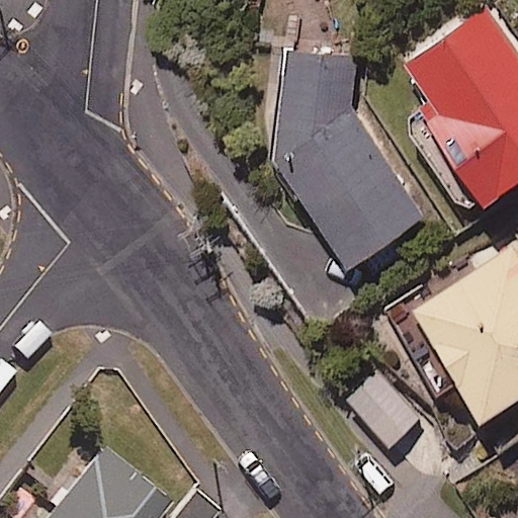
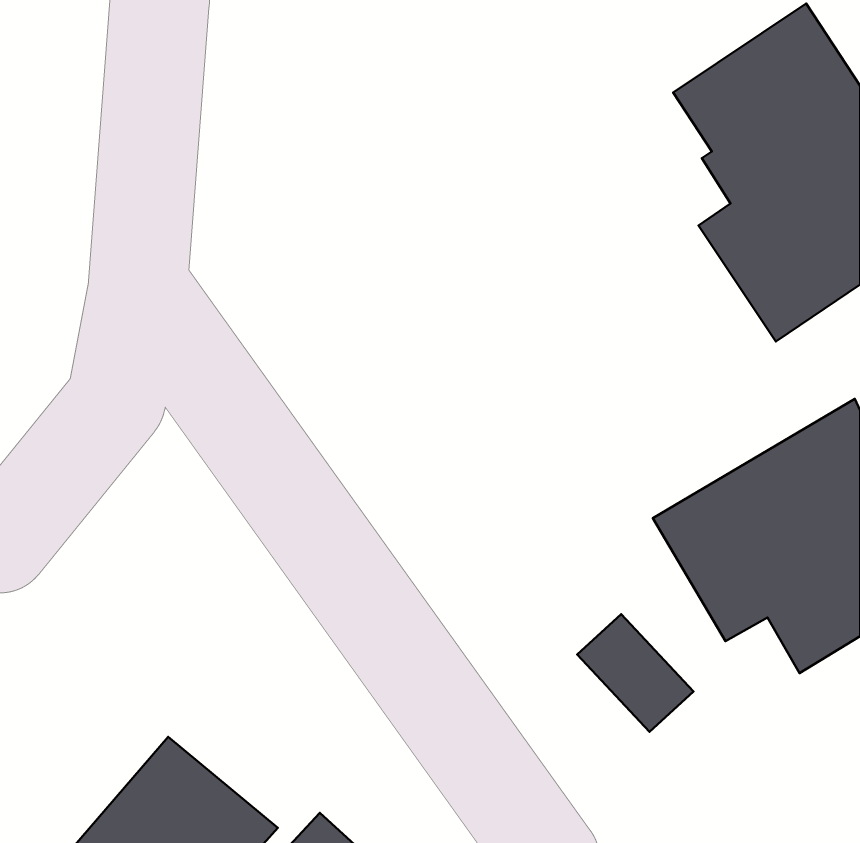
building: [280,52,423,262] -> none

